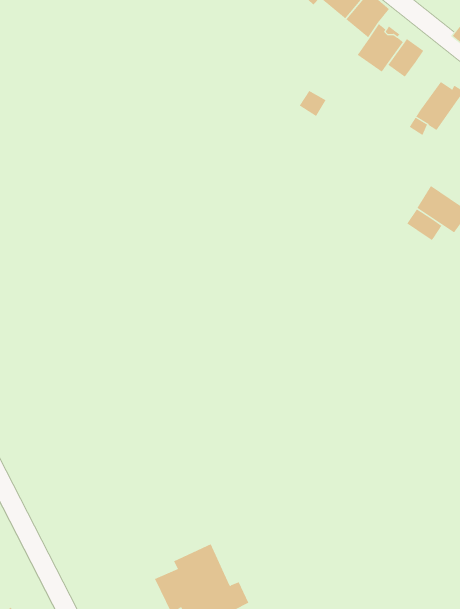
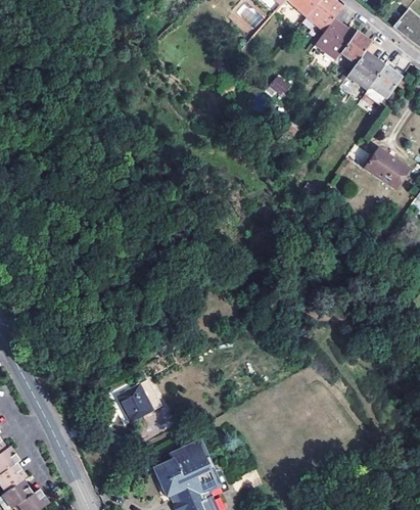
building: none -> [348,51,384,89]
building: [406,209,442,241] -> none
building: none -> [116,381,161,424]

